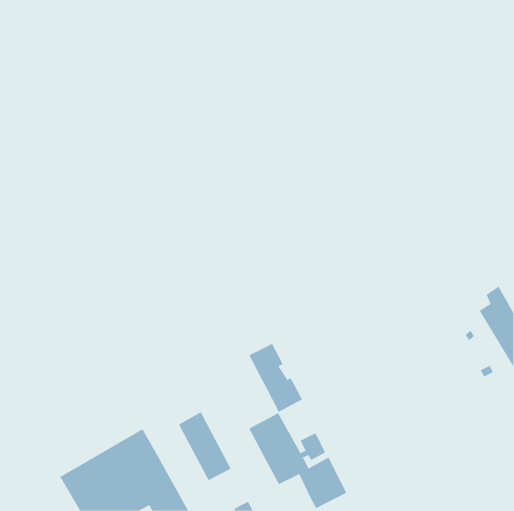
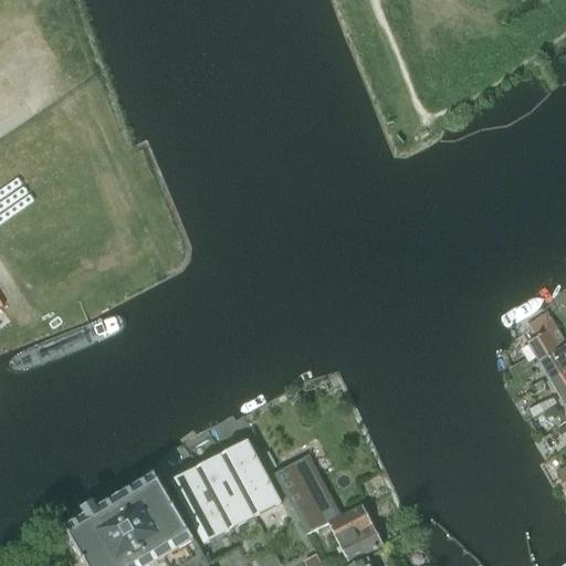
building: [248,343,303,412] -> [221,439,281,515]
building: none -> [169,467,229,543]

